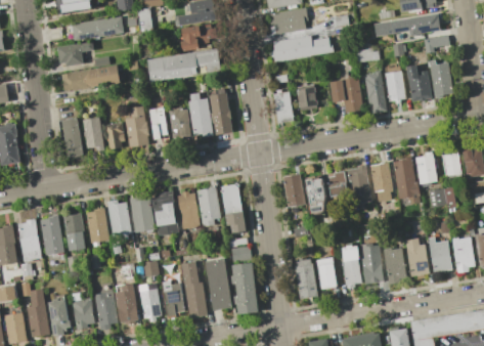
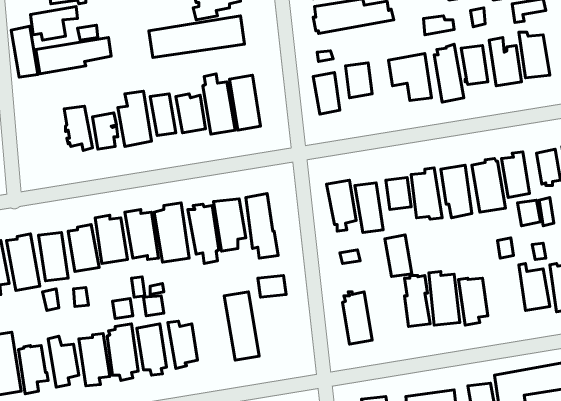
building: [62,118,83,157] -> [11,26,38,77]
building: [405,237,428,277] -> none
building: [316,257,337,289] -> [385,235,412,277]
building: [181,261,207,317] -> none
building: [231,262,258,314] -> none

